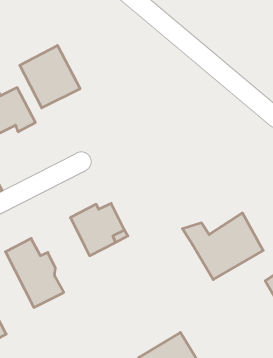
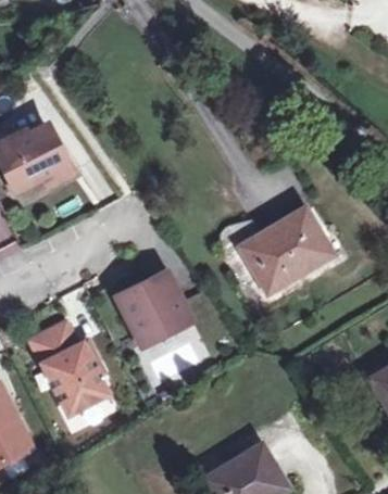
building: [20,45,80,108] -> none
building: [182,213,263,280] -> [227,207,333,294]

